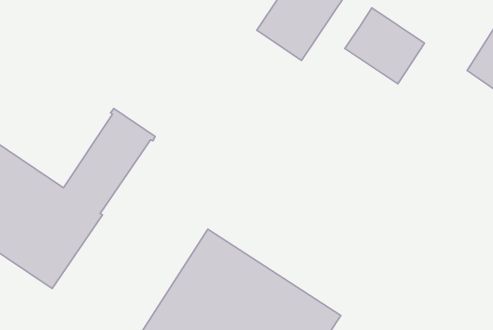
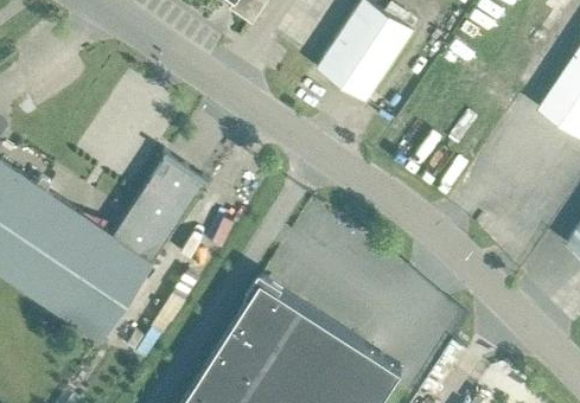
building: [345,8,425,84] -> none

